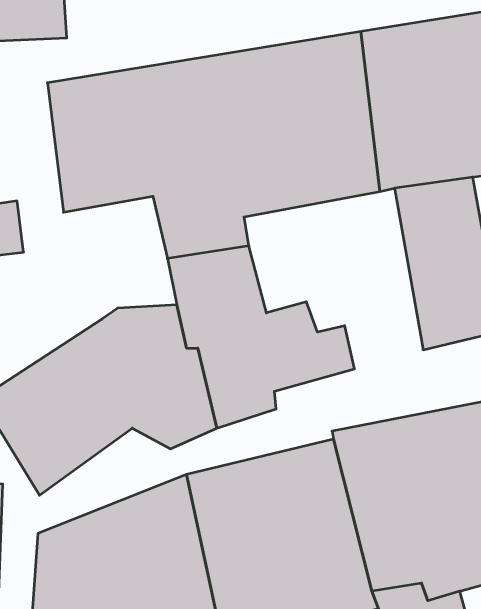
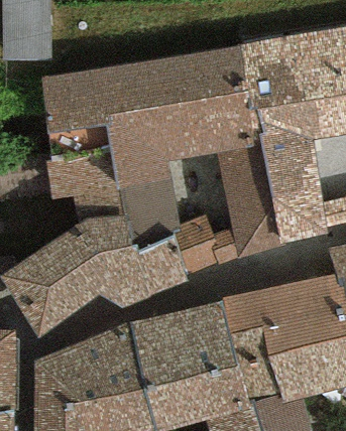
building: none -> [214,144,278,258]
building: none -> [43,149,123,227]

